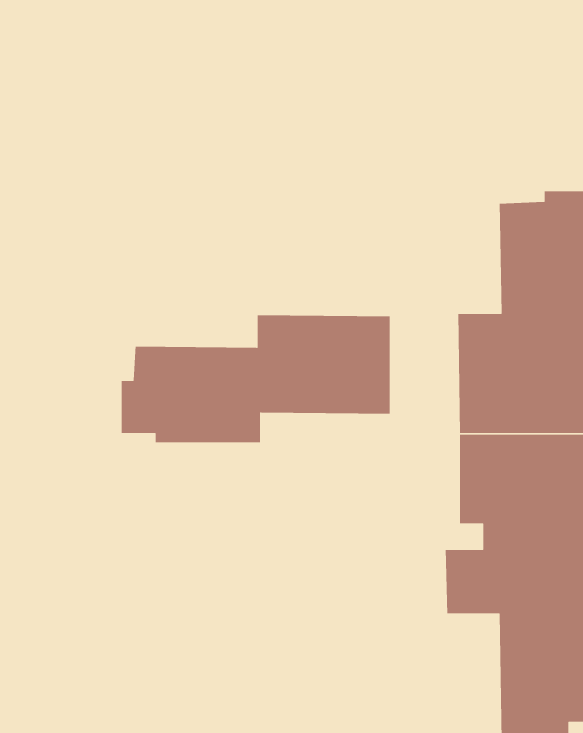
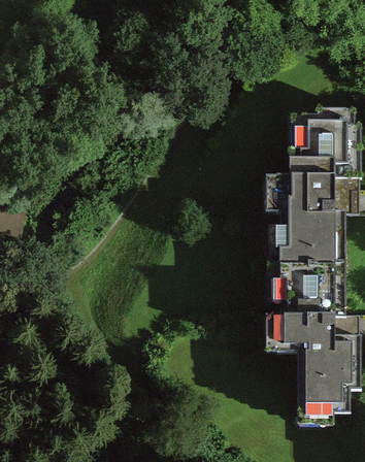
building: [121,314,391,443] -> none

